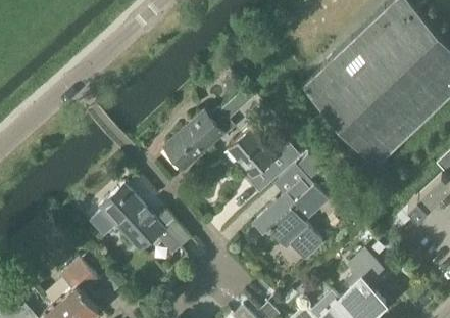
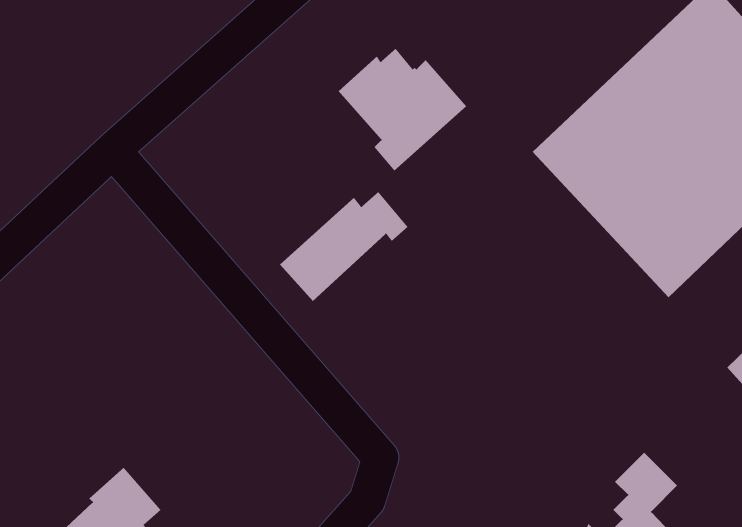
building: [228,126,298,193] -> [338,48,467,172]
building: [253,182,330,261] -> none
building: [90,185,189,252] -> none

